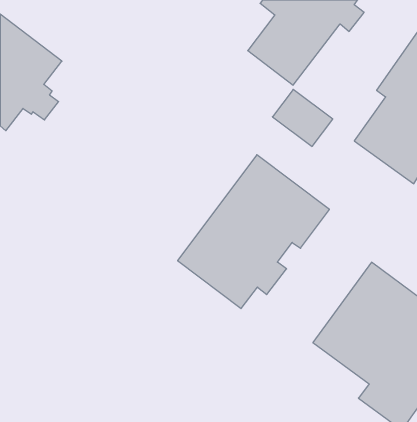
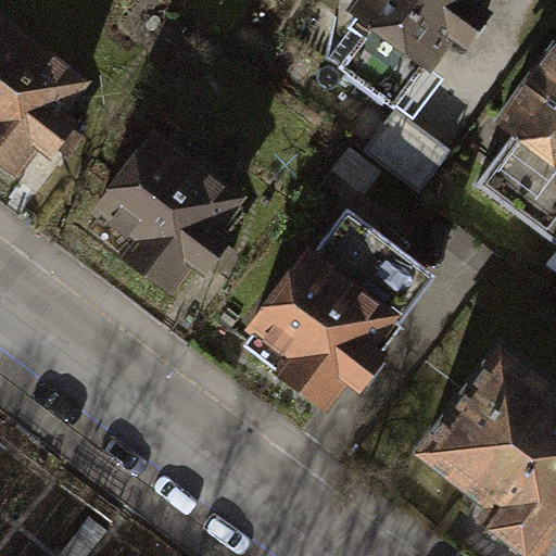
building: none -> [86,131,240,290]

